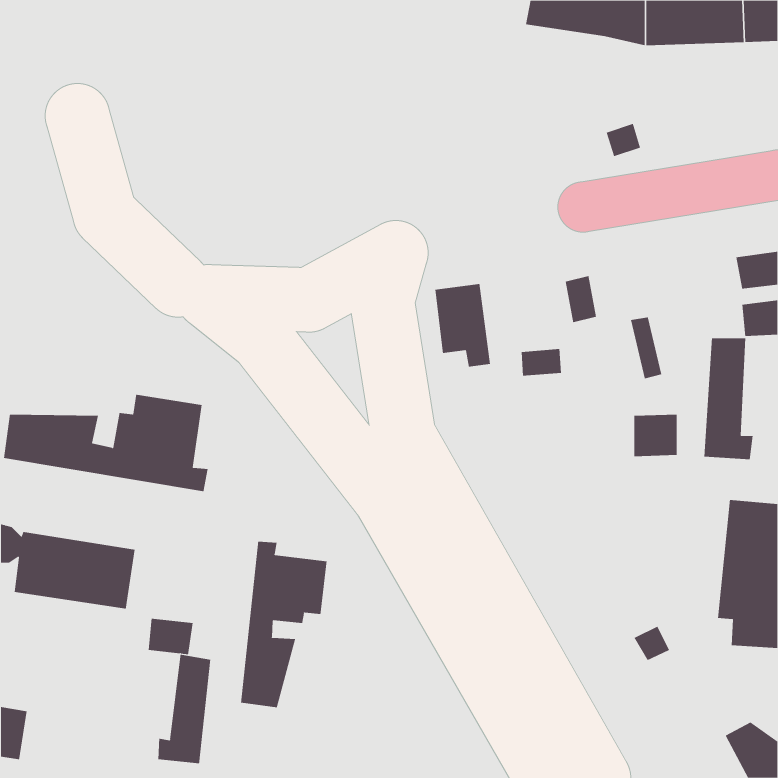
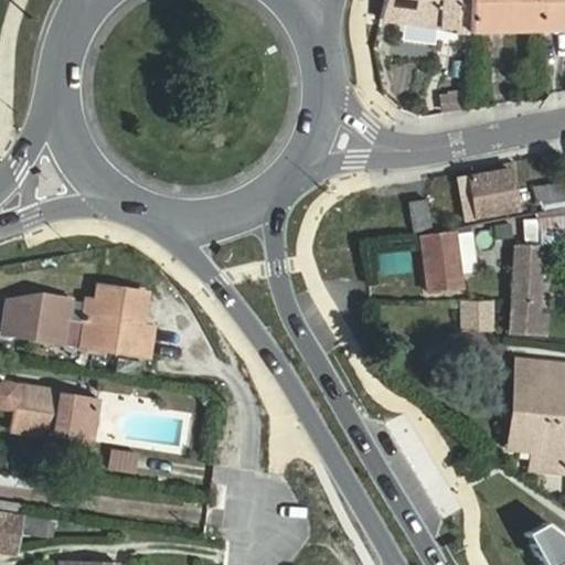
building: none -> [457,169,516,220]
building: [435,284,491,367] -> [420,231,461,291]
building: [241,541,327,708] -> none
building: [158,654,211,764] -> none

